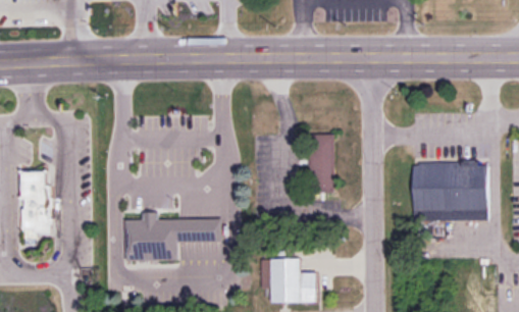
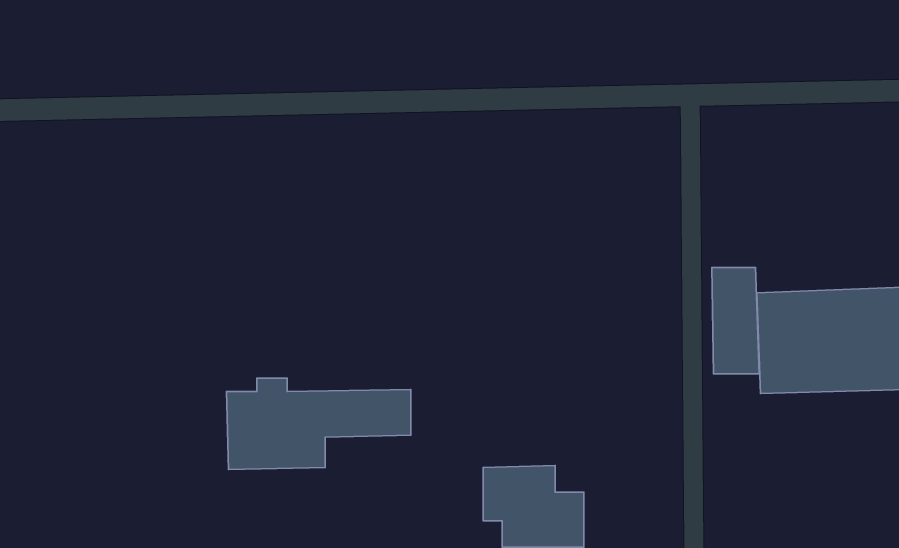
building: [312,134,338,191] -> [712,268,759,374]
building: [13,168,48,245] -> none

